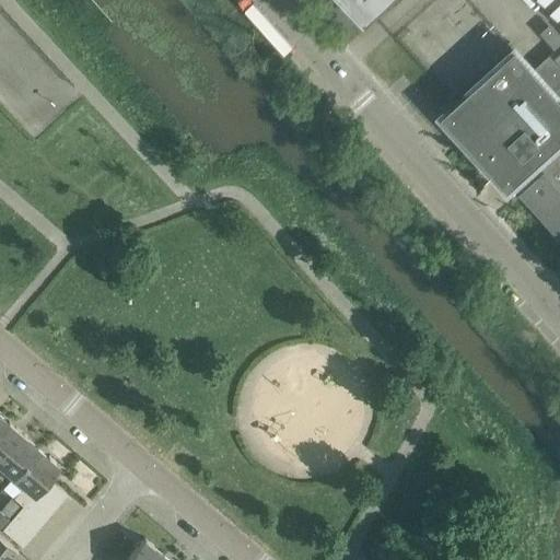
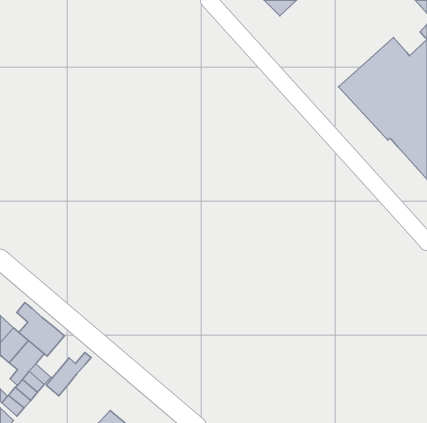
building: none -> [17,302,64,356]
building: none -> [46,353,91,396]

